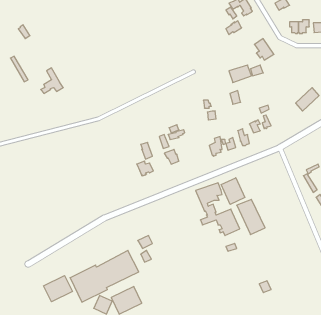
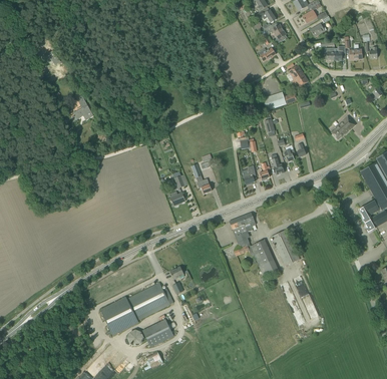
building: [221,178,245,204] -> none
building: [44,276,72,302] -> none

